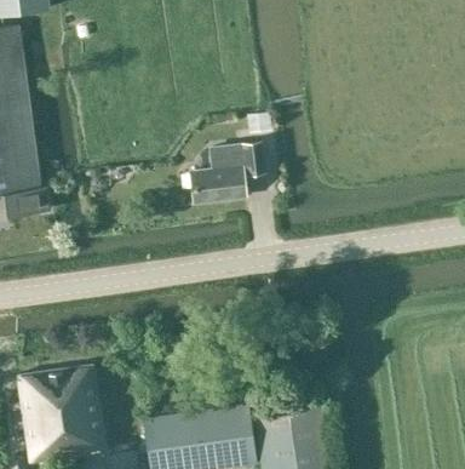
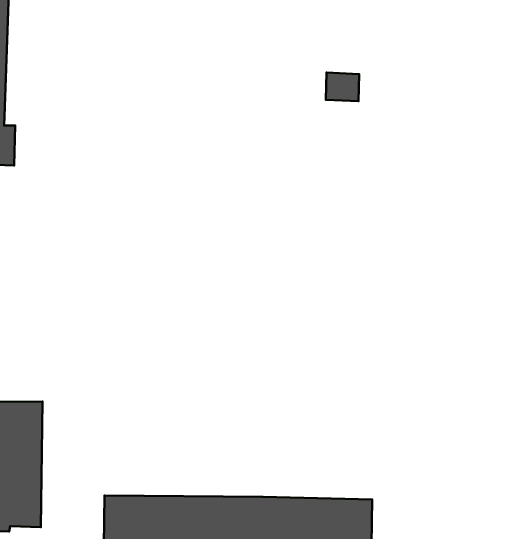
building: [191,145,265,202] -> none

